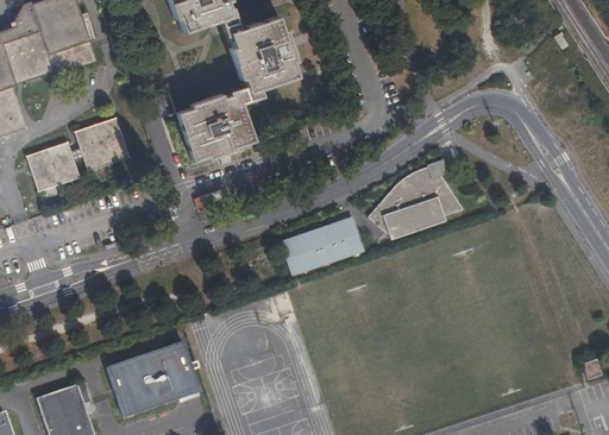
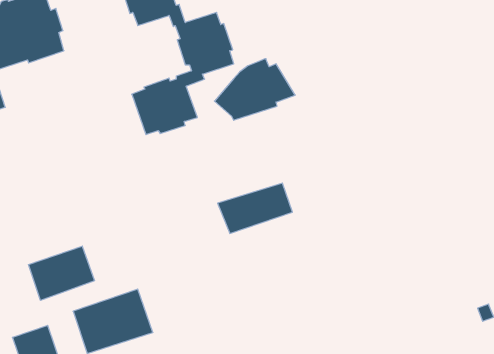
building: [26,118,130,191] -> none
building: [368,168,463,240] -> [214,59,295,120]
building: none -> [29,246,95,300]

